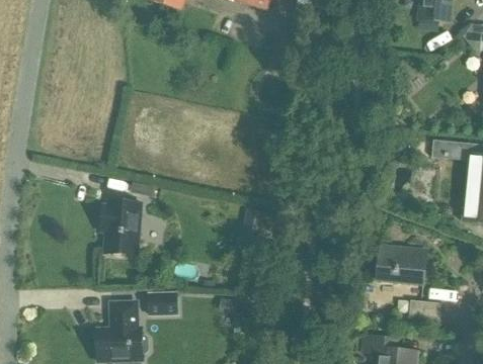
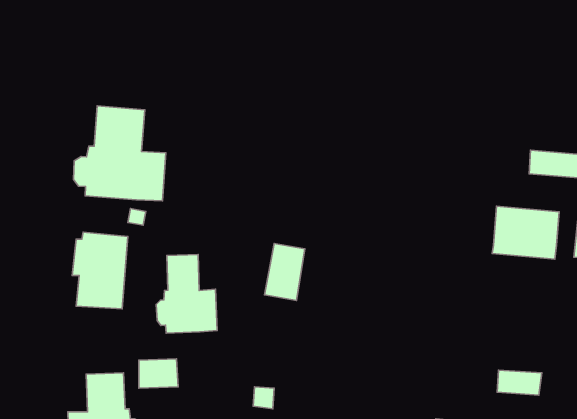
building: none -> [73,106,166,201]
building: none -> [156,254,217,333]
building: [378,247,426,285] -> [492,206,559,259]

